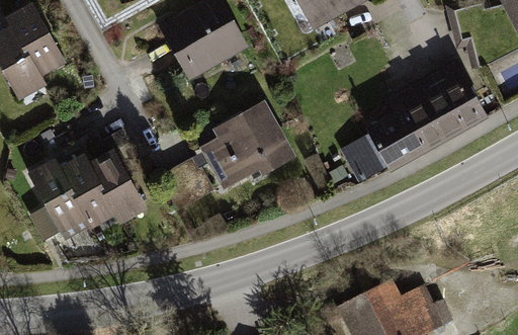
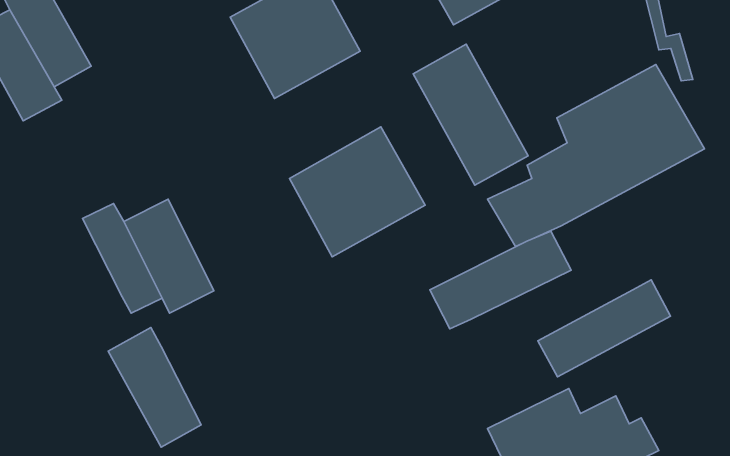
building: none -> [413,44,528,185]
building: [22,151,86,233] -> [108,327,201,447]
building: none -> [430,231,571,329]
building: none -> [538,280,671,377]

